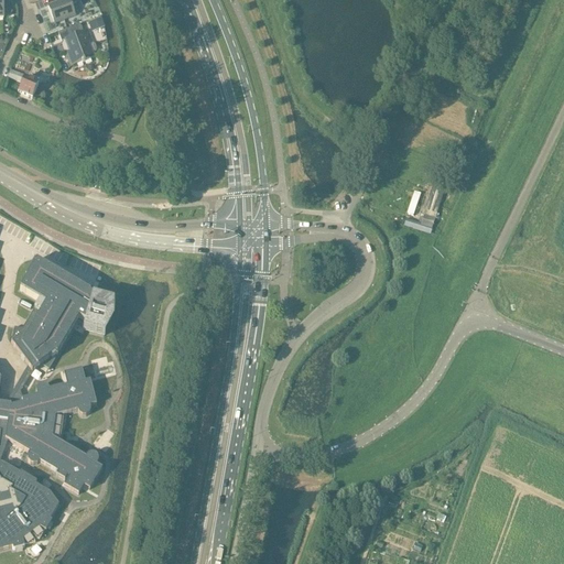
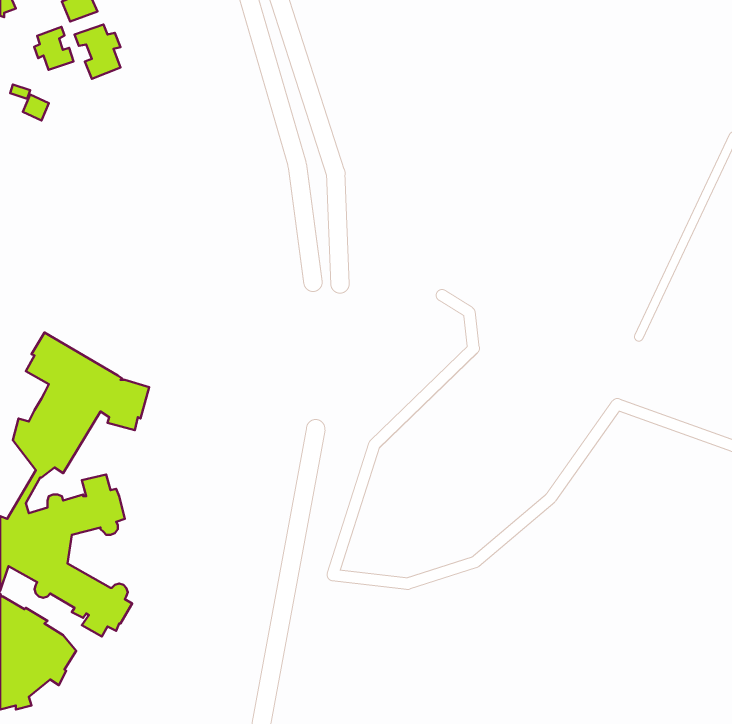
building: none -> [34,27,74,70]

